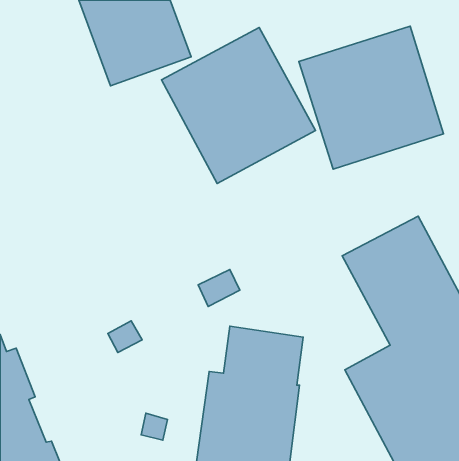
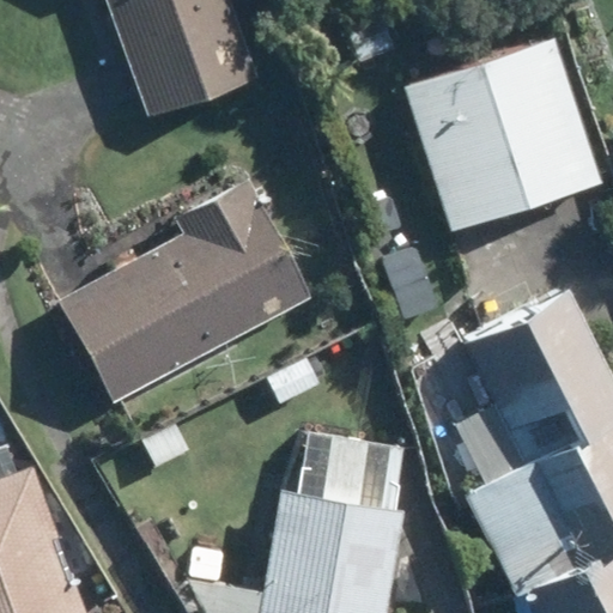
building: [161,28,316,184] -> none
building: none -> [63,181,312,402]

